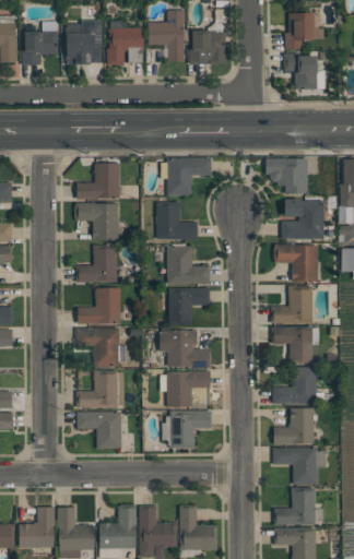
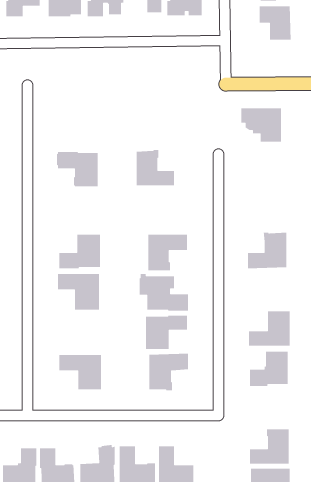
building: [160,158,211,195] -> none
building: [76,164,119,200] -> none
building: [281,199,323,239] -> none
building: [75,245,117,283] -> none
building: [273,245,317,282] -> none
building: [166,247,209,285] -> none
building: [271,326,312,364] -> none
building: [76,370,118,408] -> none
building: [273,448,317,485] -> none

